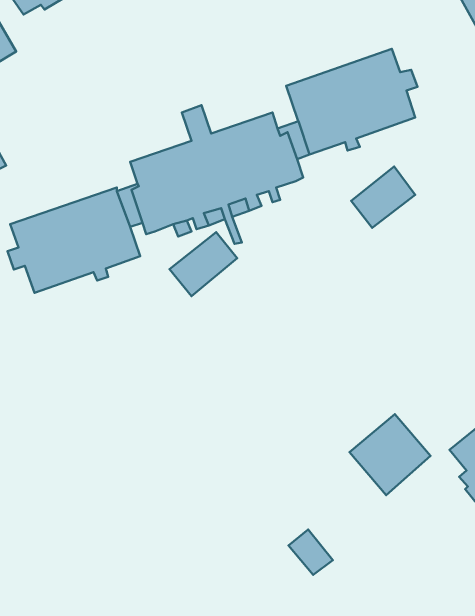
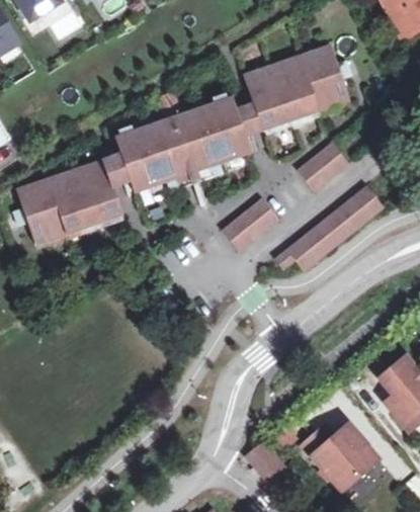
building: none -> [274,185,384,271]
building: [170,232,237,296] -> [223,197,278,250]
building: [349,414,430,495] -> [310,421,376,488]

